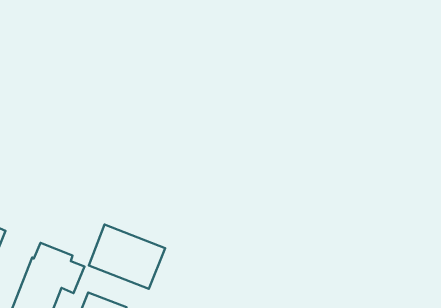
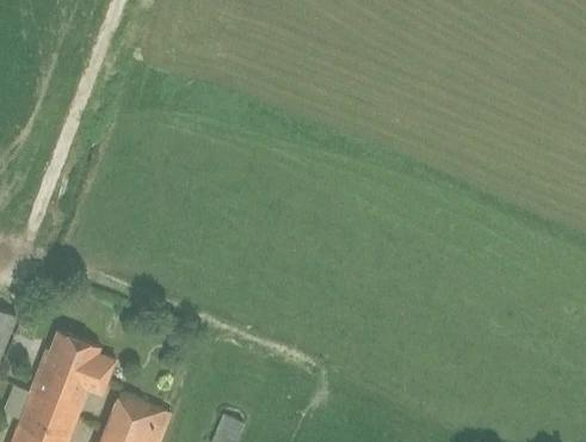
building: [89,224,165,289] -> none

